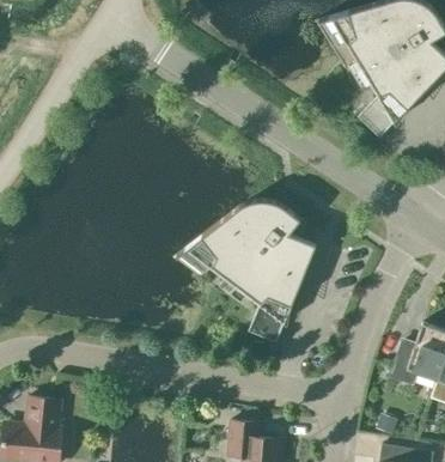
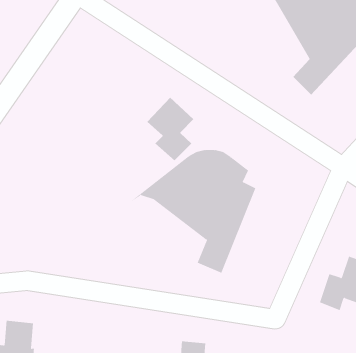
building: none -> [147,97,194,161]

